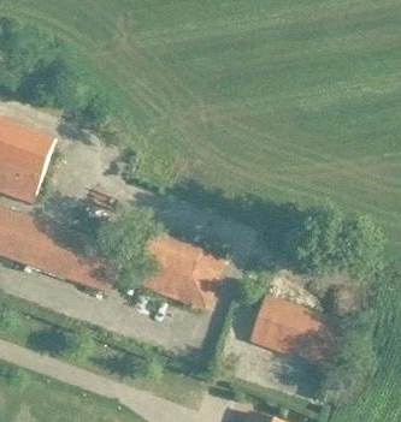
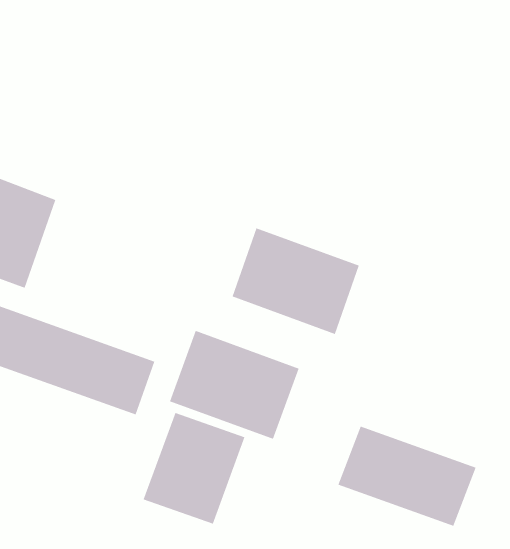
building: none -> [232,227,359,335]
building: none -> [143,412,245,524]

